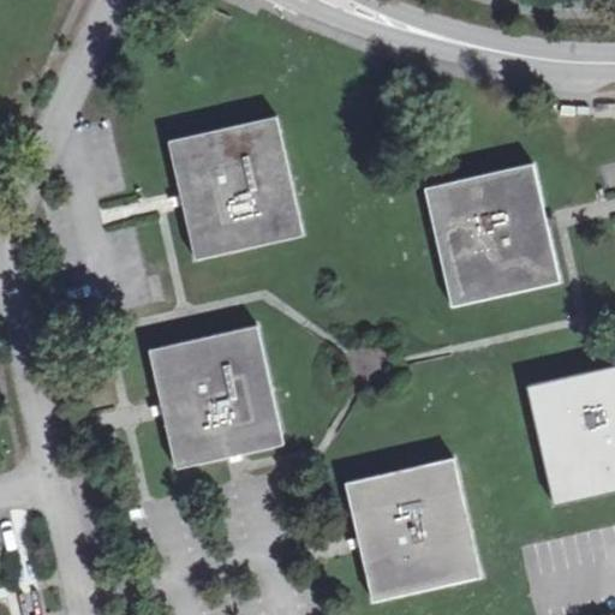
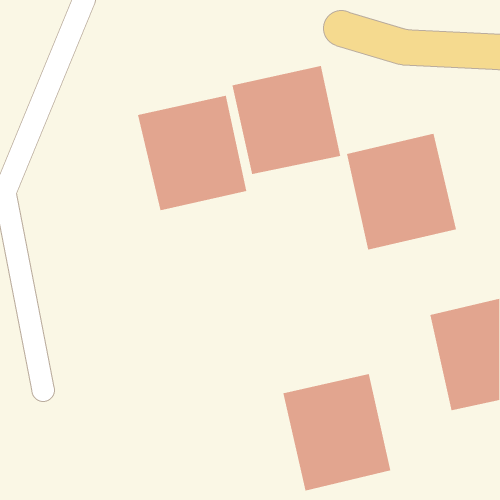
building: none -> [232,65,341,175]
building: [147,324,282,467] -> none

